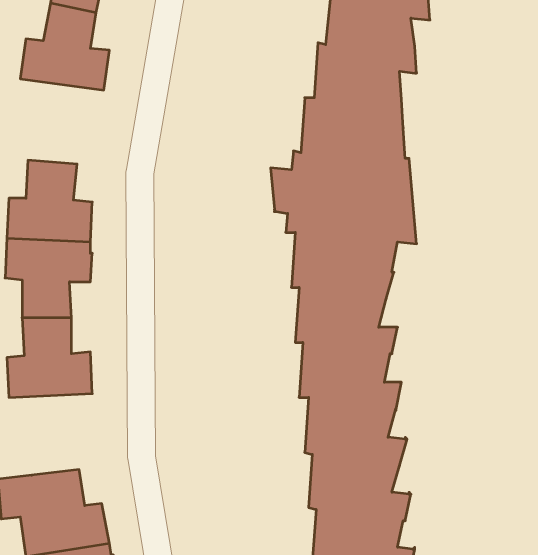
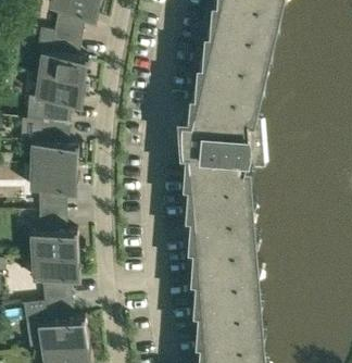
building: none -> [34,79,84,128]
building: none -> [29,260,79,306]

